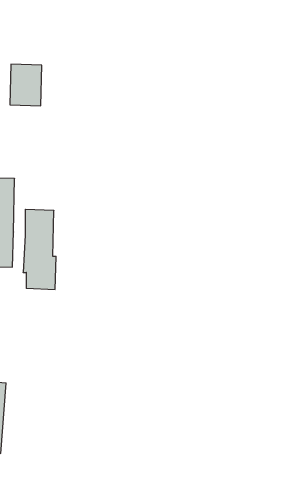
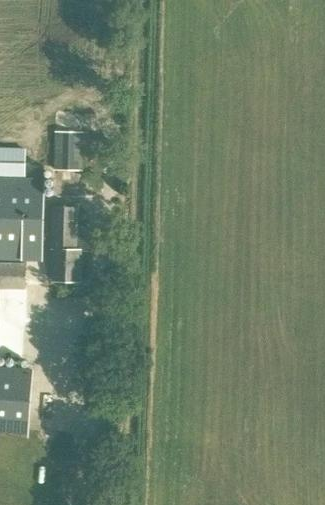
building: [10,64,42,106] -> [53,130,83,169]

